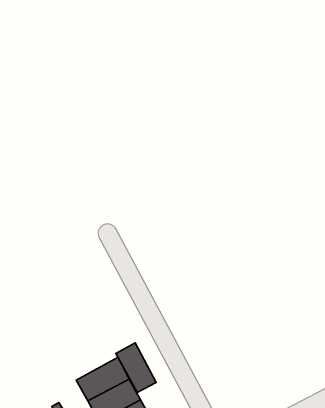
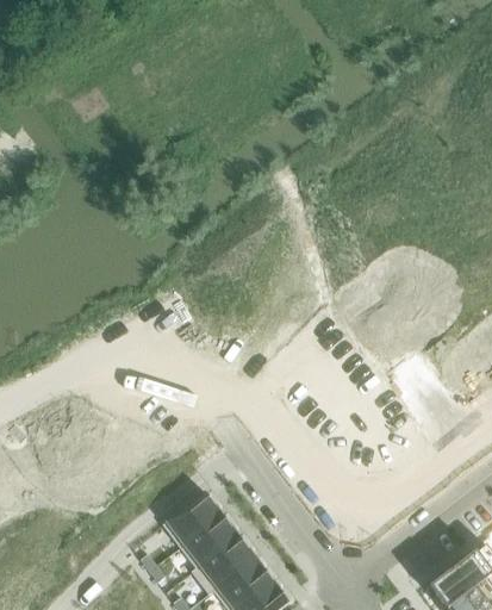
building: [116,343,156,392] -> none

